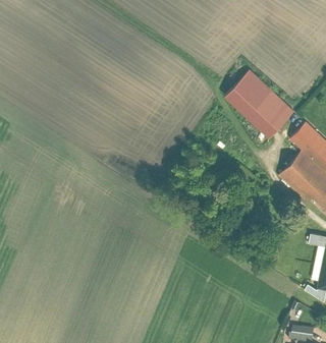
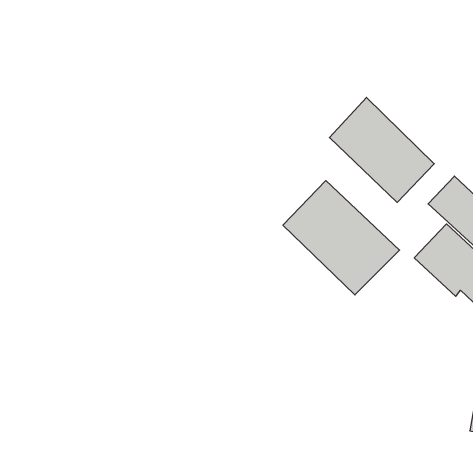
building: none -> [283,181,400,295]

